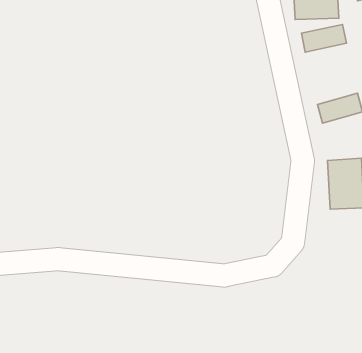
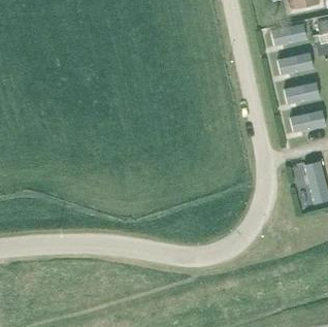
building: none -> [283,84,317,102]

